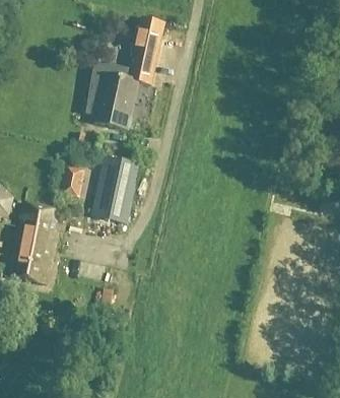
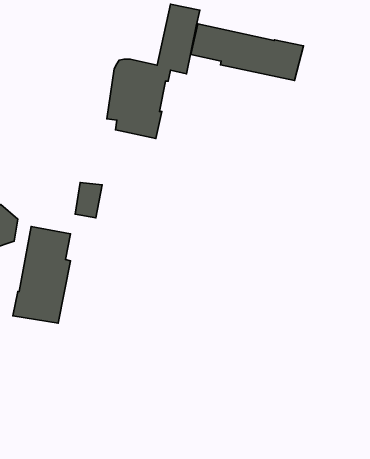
building: none -> [191,24,304,81]
building: [93,155,142,222] -> none

